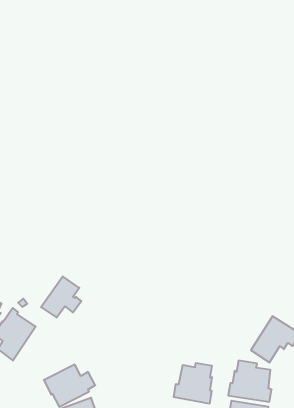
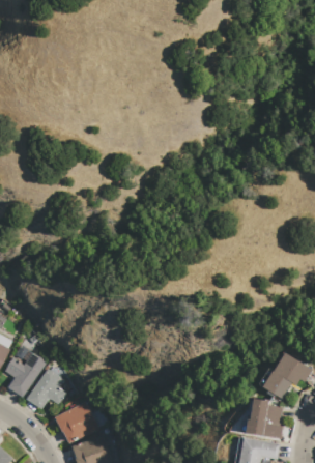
building: [41,276,81,318] -> [25,368,65,409]
building: [174,363,212,404] -> none

